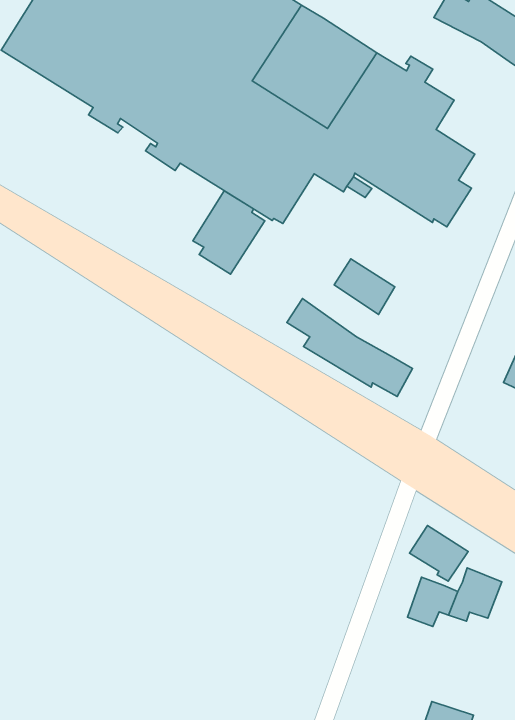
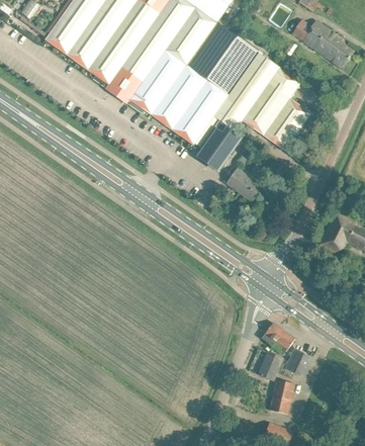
building: [193,191,265,274] -> [199,119,241,167]
building: [287,298,412,397] -> none
building: none -> [269,379,294,414]

